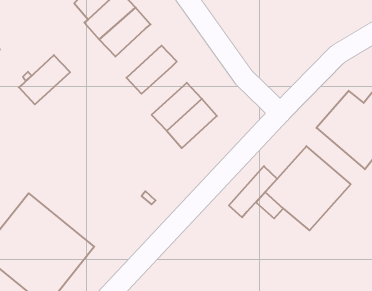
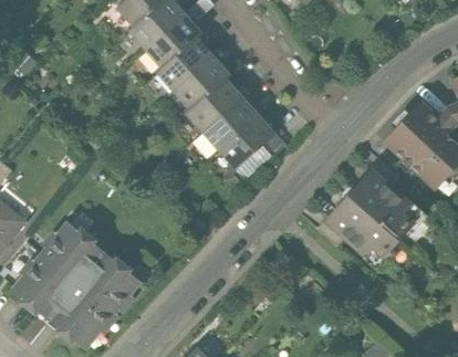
building: [19,55,70,104] -> [157,38,214,92]
building: none -> [186,80,241,133]
building: [229,166,277,217] -> none

